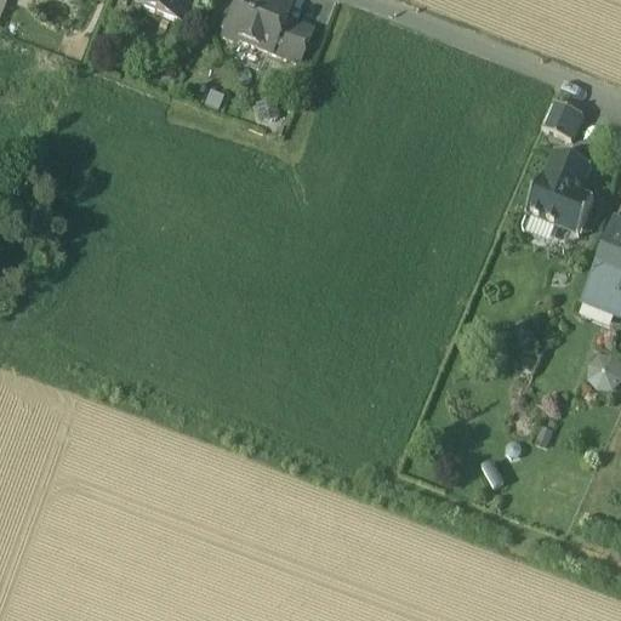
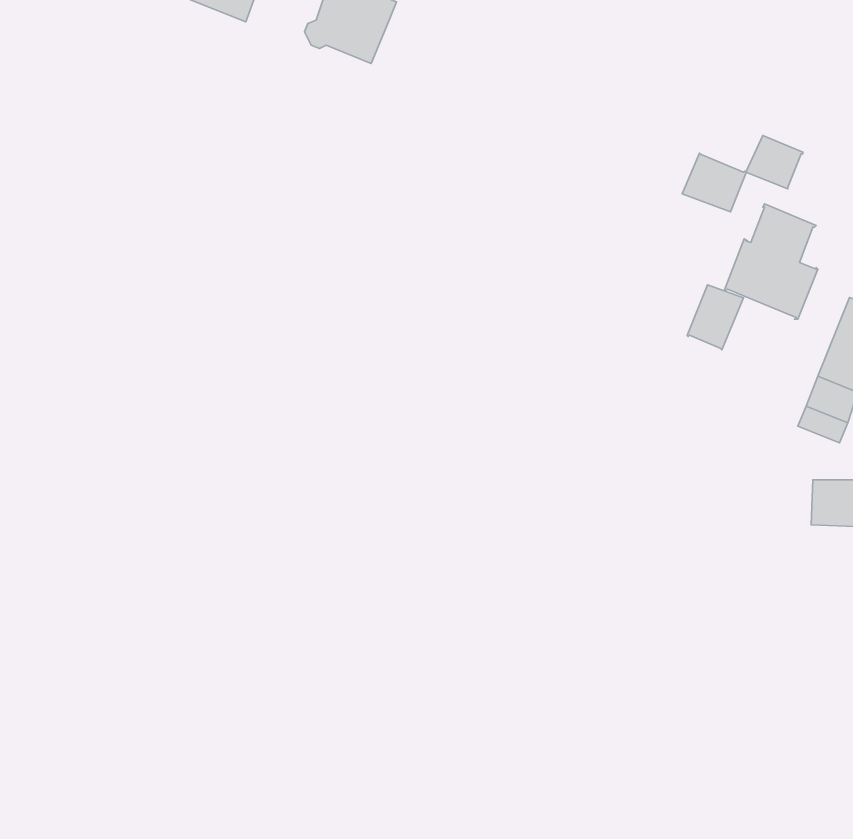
building: [270,13,310,57] -> none
building: none -> [682,153,746,212]
building: none -> [687,285,744,350]

